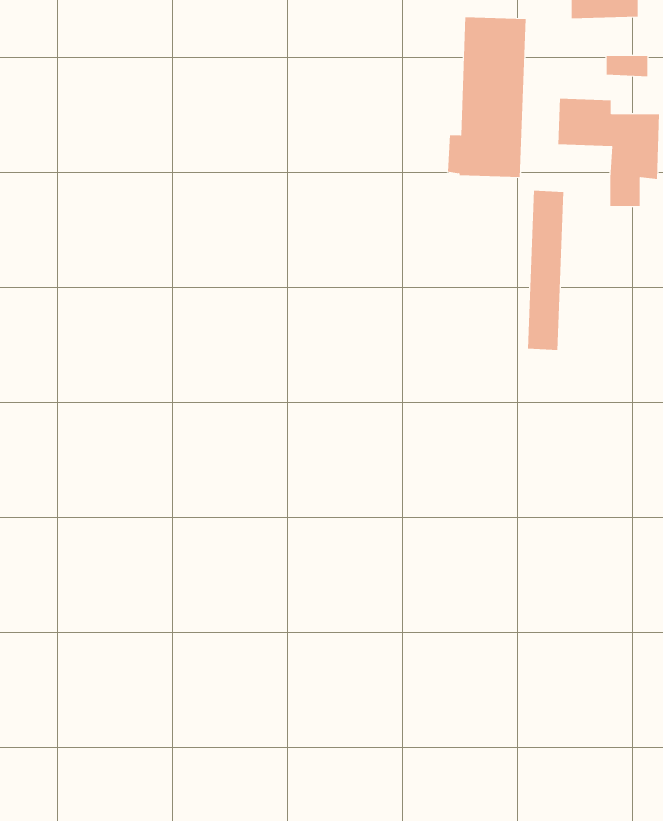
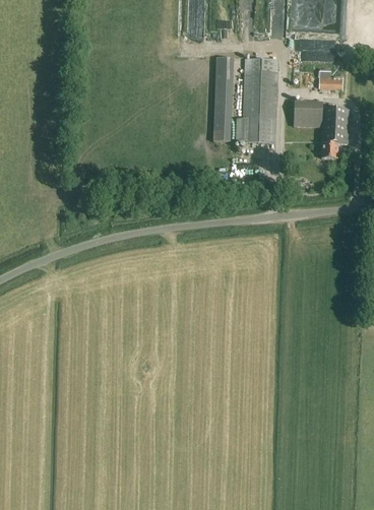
building: [527,190,564,351] -> [214,57,234,141]

